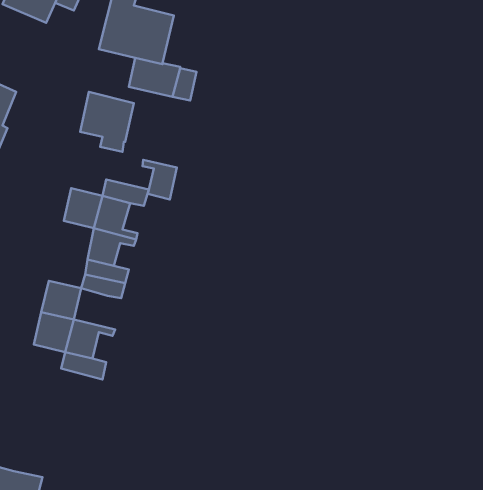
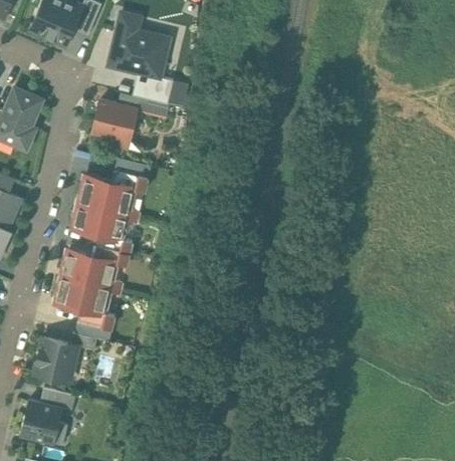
building: [142,160,177,200] -> none
building: none -> [74,203,104,234]
building: none -> [88,257,123,290]
building: none -> [35,338,77,382]
building: none -> [40,388,75,412]

